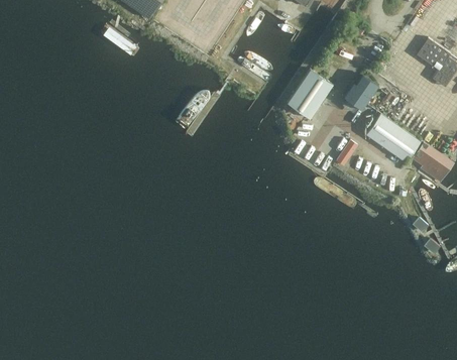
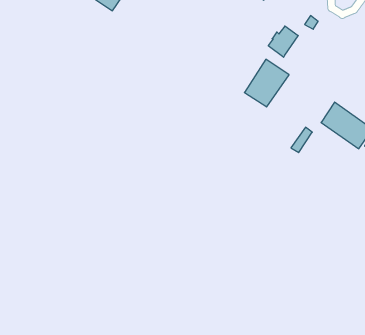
building: [345,75,376,107] -> [268,26,298,57]

